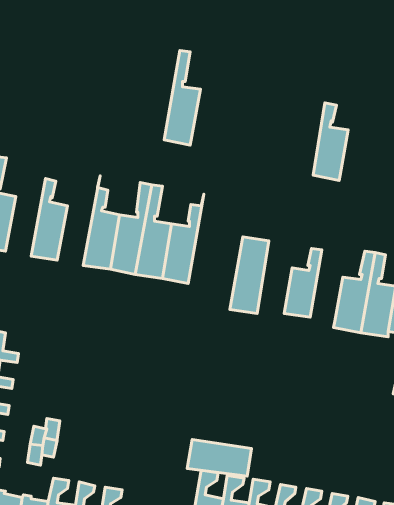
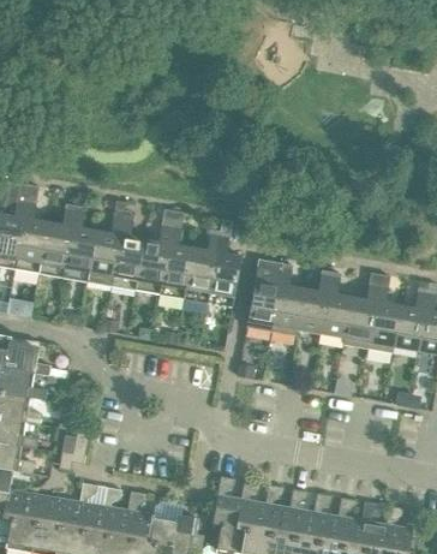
building: [164,50,201,145] -> [208,219,241,306]
building: [313,103,348,180] -> [271,262,304,334]
building: none -> [86,199,126,285]
building: none -> [38,203,76,276]
building: none -> [321,270,351,336]
building: [187,439,252,476] -> none

